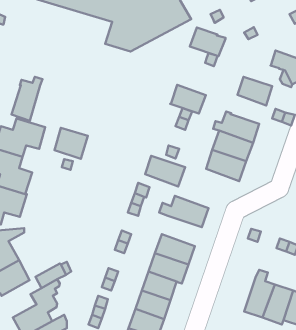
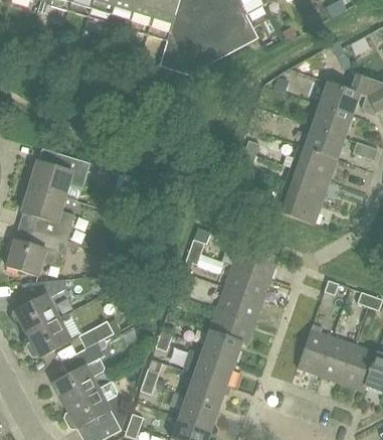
building: [190,28,225,56] -> [319,82,360,115]
building: [12,77,42,121] -> none
building: [170,85,206,113] -> [304,125,345,158]
building: [54,128,88,159] -> none
building: [145,156,185,186] -> [224,265,270,300]
building: none -> [297,328,333,376]

